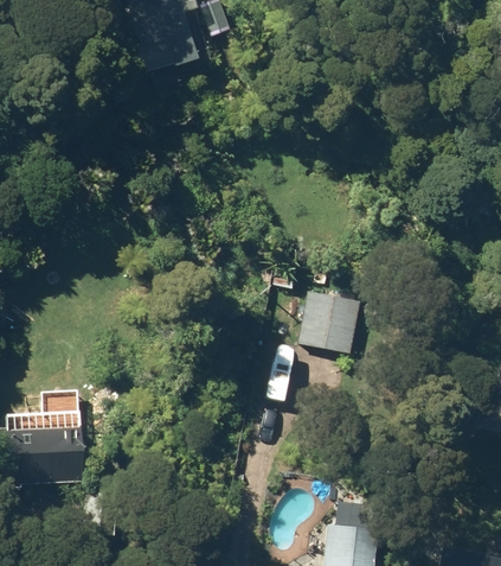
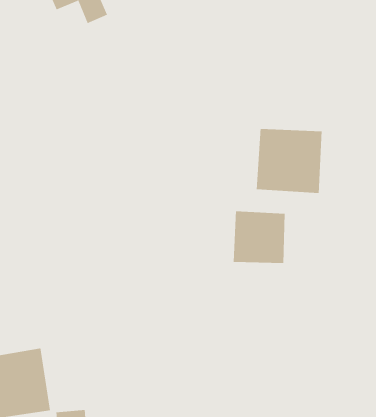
building: none -> [256,128,322,194]

